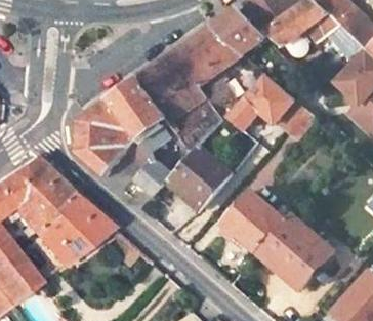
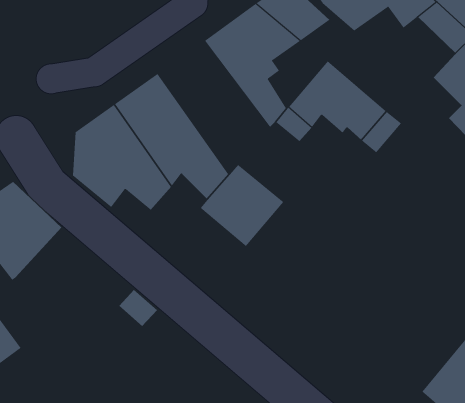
building: [138,54,220,152] -> none
building: [133,152,174,196] -> none
building: [32,191,111,265] -> none
building: [223,191,284,250] -> none
building: [260,215,332,287] -> none

